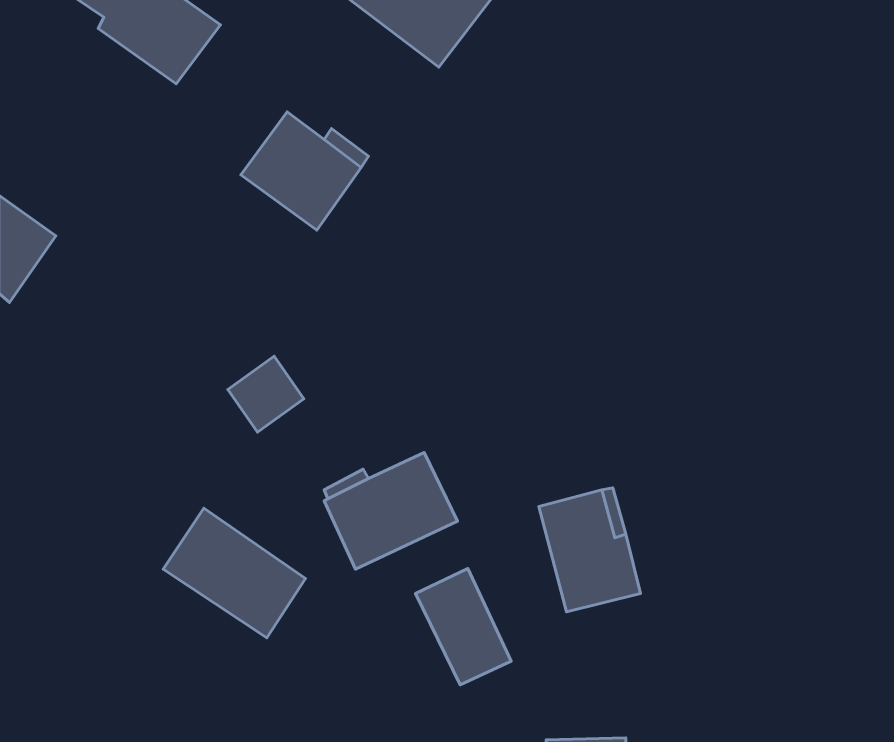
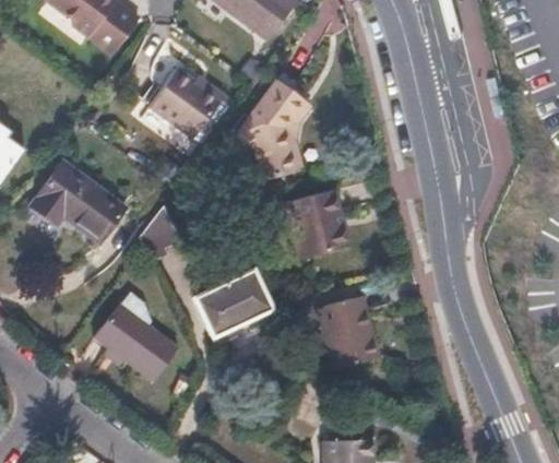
building: none -> [238,78,306,178]
building: none -> [27,157,126,240]
building: none -> [288,190,350,256]
building: [415,569,511,685] -> none

